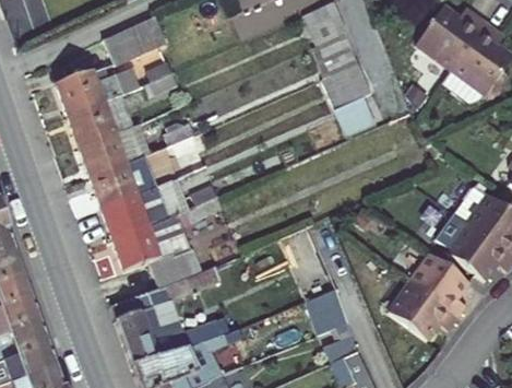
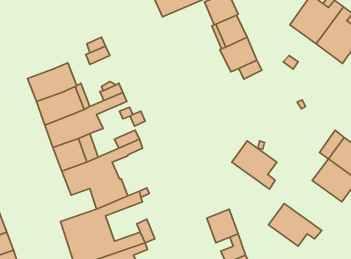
building: [103,16,165,64] -> none
building: [56,68,138,116] -> none
building: [407,254,467,318] -> [232,141,277,189]

